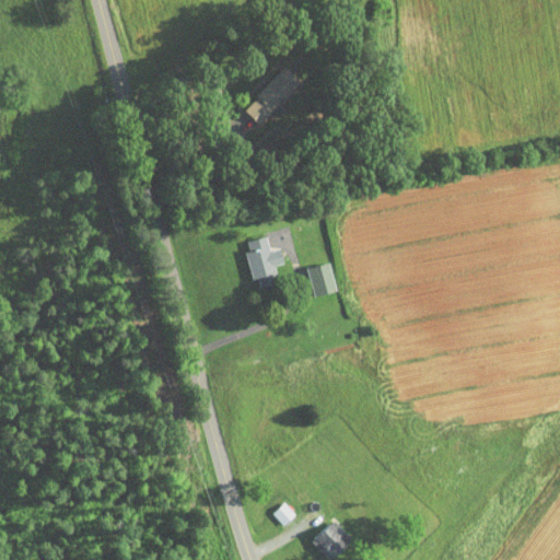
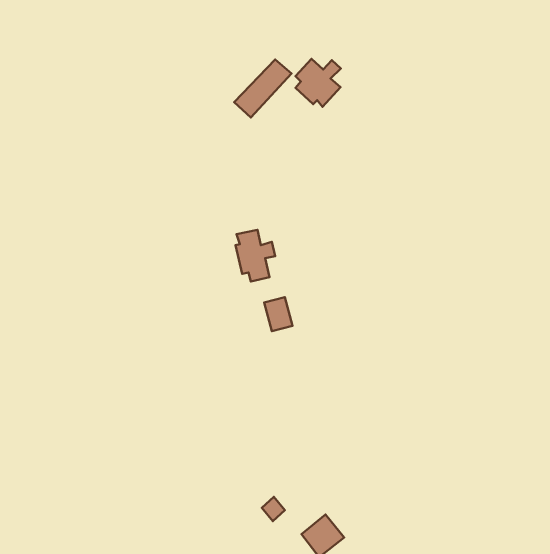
building: none -> [295,59,341,107]
building: [308,262,337,296] -> [264,297,293,331]

